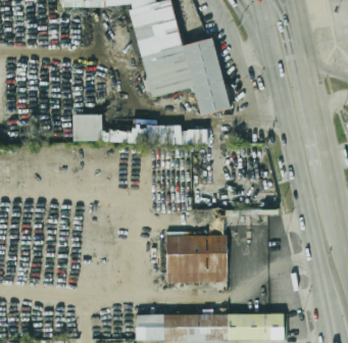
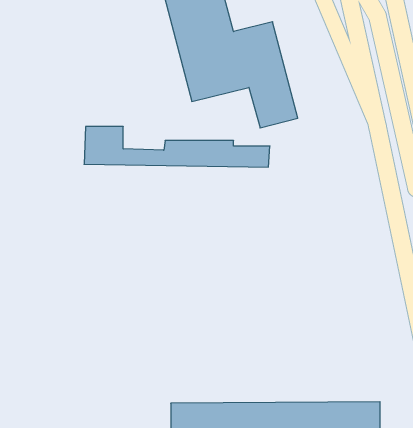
building: [167,210,228,283] -> none

